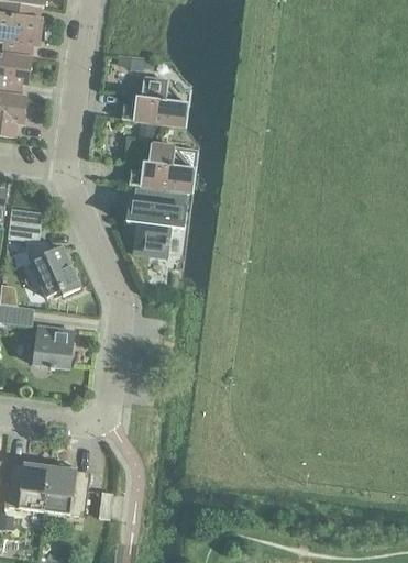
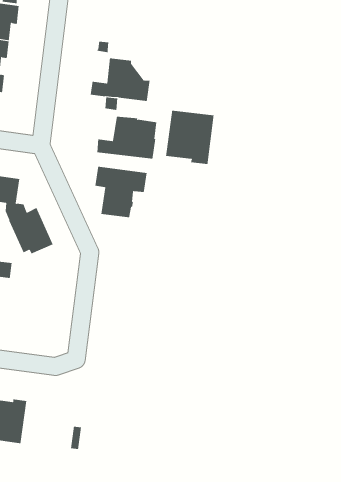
building: none -> [165,110,214,165]
building: [26,325,73,368] -> none
building: [43,463,89,516] -> none

